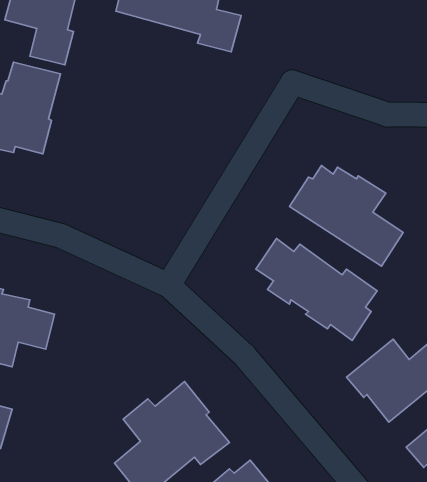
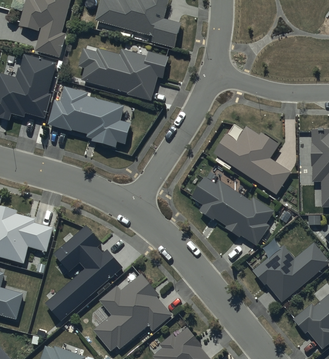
building: none -> [78,47,168,100]
building: none -> [47,86,130,147]
building: none -> [45,225,122,320]

